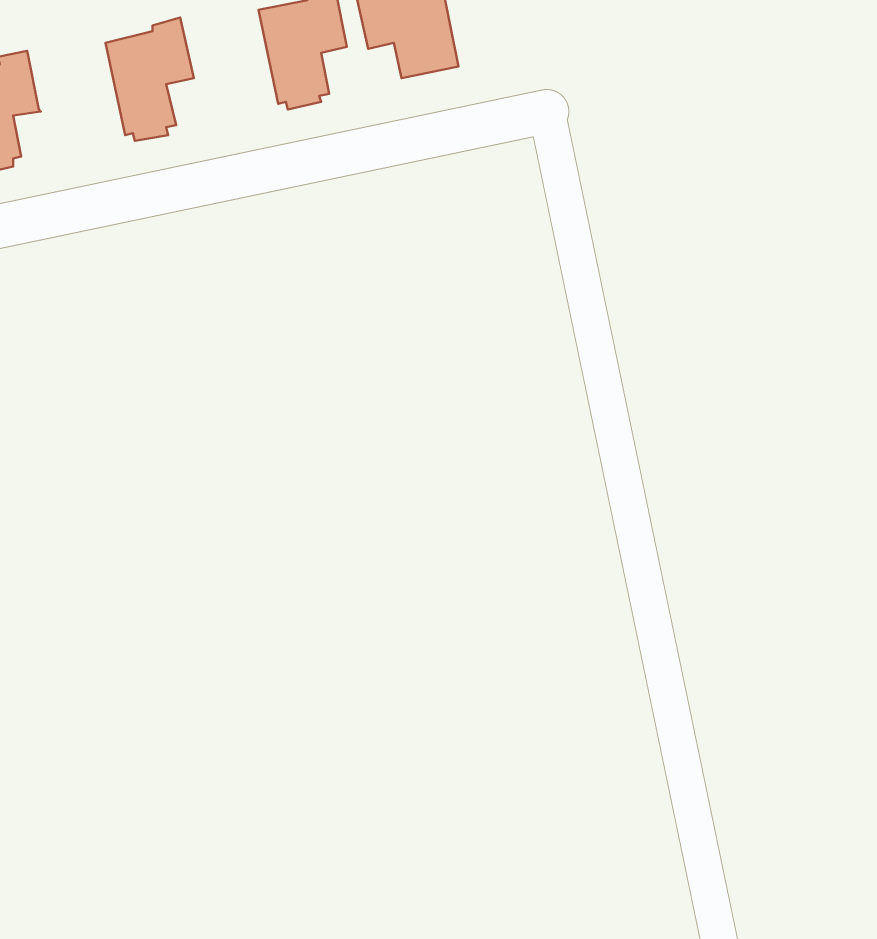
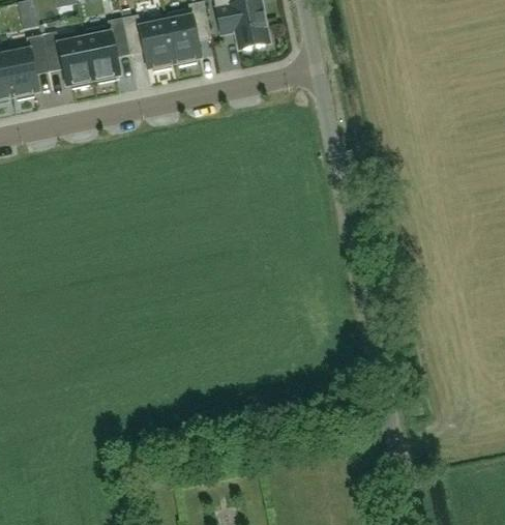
building: none -> [122,14,174,72]
building: none -> [41,32,93,89]

